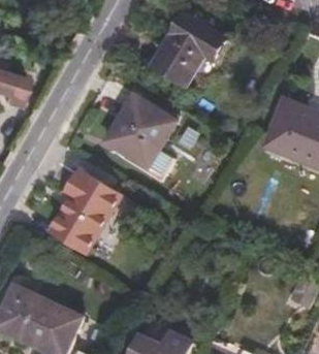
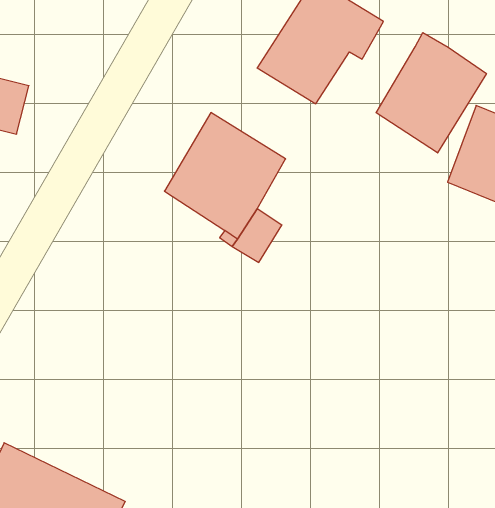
building: none -> [376,33,486,153]
building: [41,168,113,250] -> none

